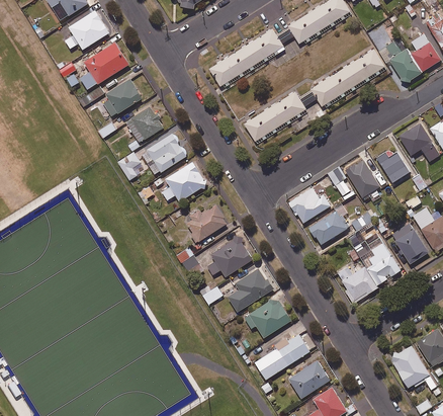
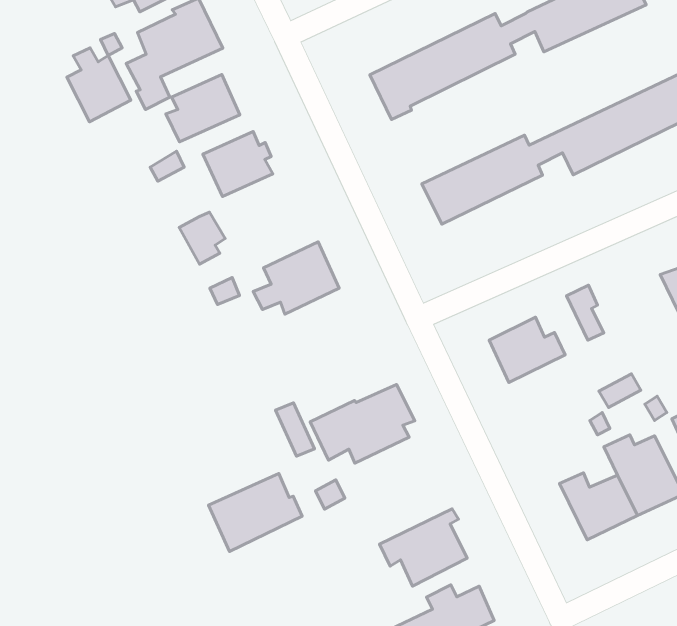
building: none -> [67,48,131,122]
building: [141,133,187,176] -> none
building: [346,159,380,197] -> none
building: [308,202,349,245] -> none
building: [182,204,228,243] -> none
building: [224,267,274,312] -> [208,473,302,551]

